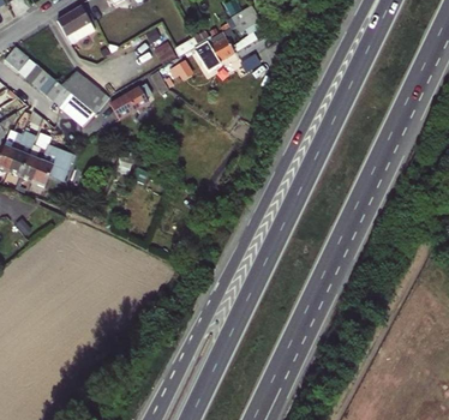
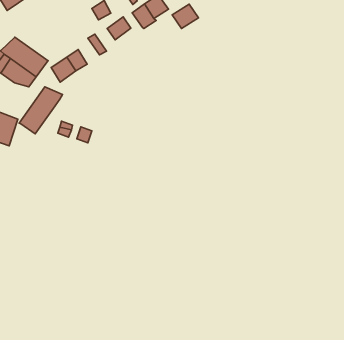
building: none -> [19,87,63,134]

